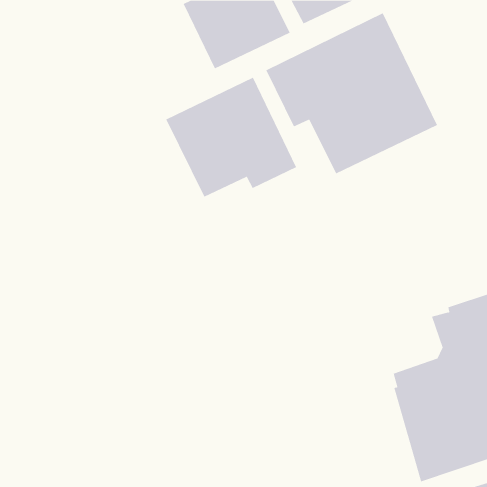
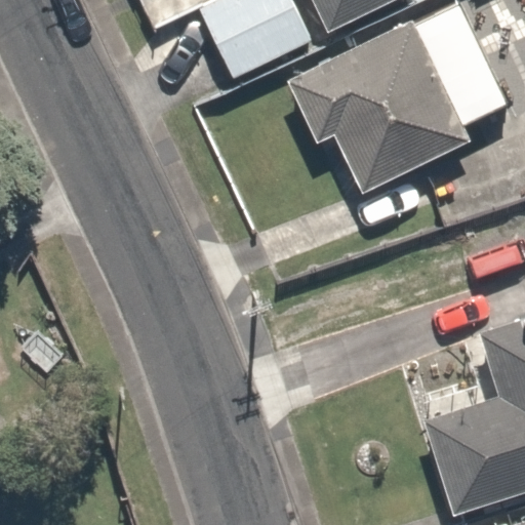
building: [166,77,297,197] -> none

